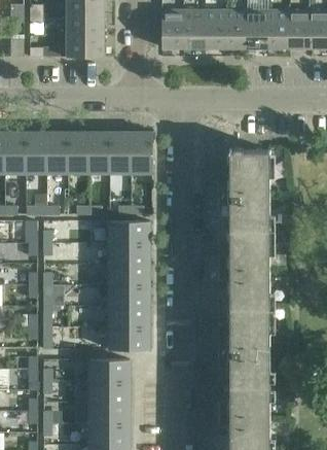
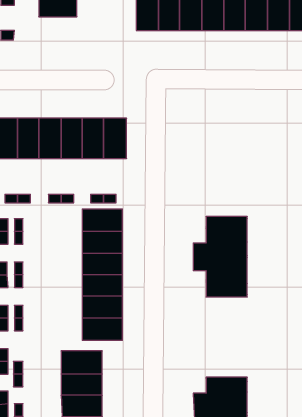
building: [67,33,104,56] -> none
building: [217,147,269,228] -> none
building: [217,306,269,384] -> none

